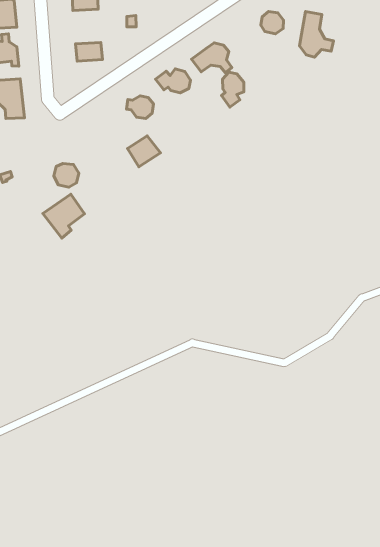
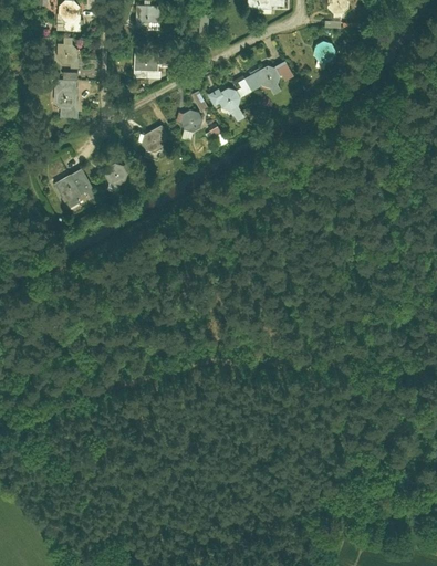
building: [300,11,333,57] -> none
building: [221,72,244,107] -> none
building: [128,136,160,167] -> [142,125,173,154]
building: [43,194,85,238] -> [53,168,93,209]

